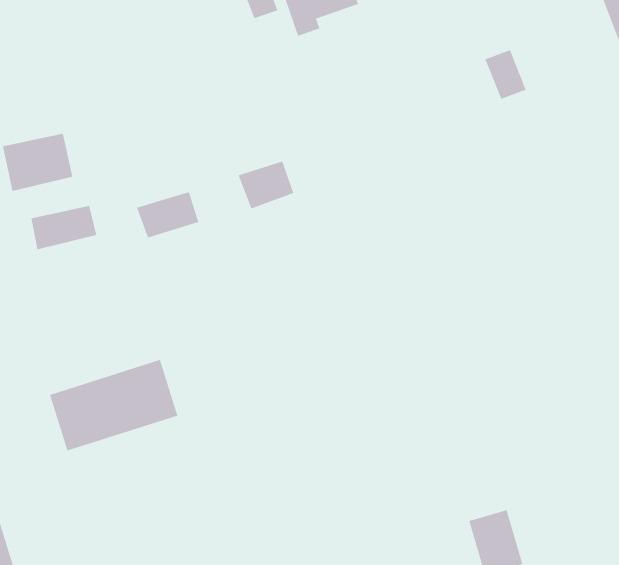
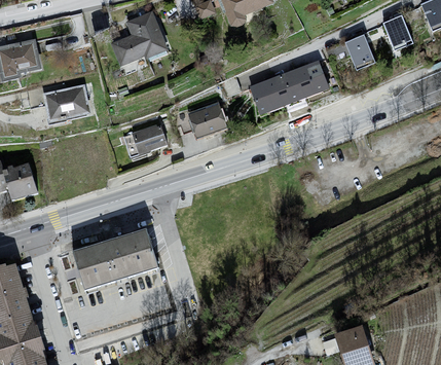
building: none -> [108,10,167,66]
building: none -> [385,13,414,48]
building: none -> [246,60,325,114]
building: [31,205,97,250] -> none

